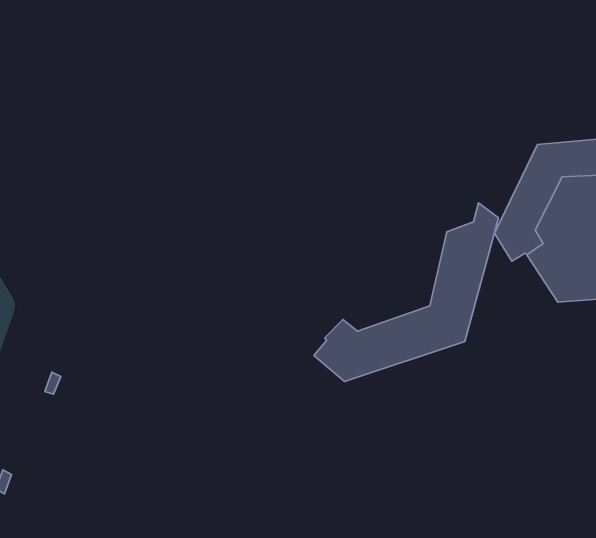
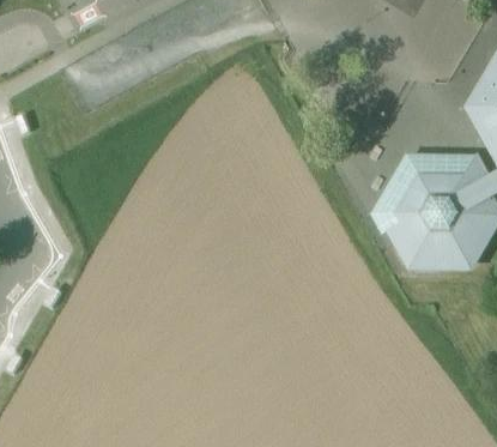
building: [314,203,499,382] -> none

